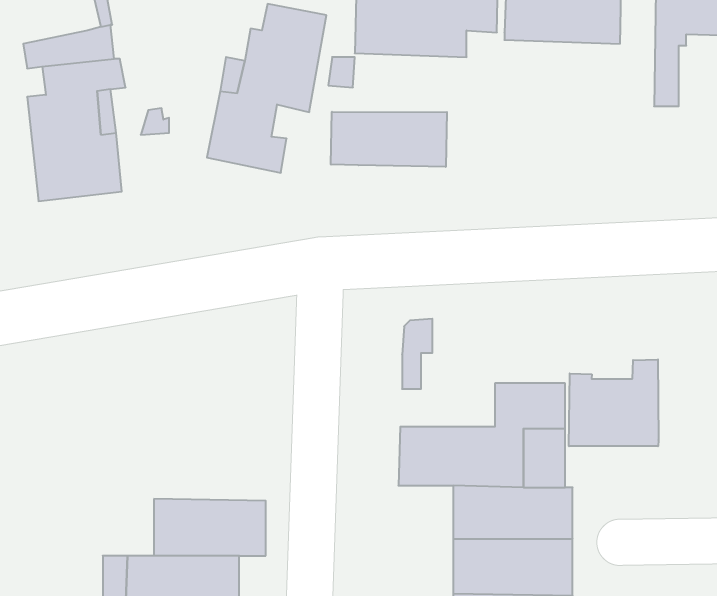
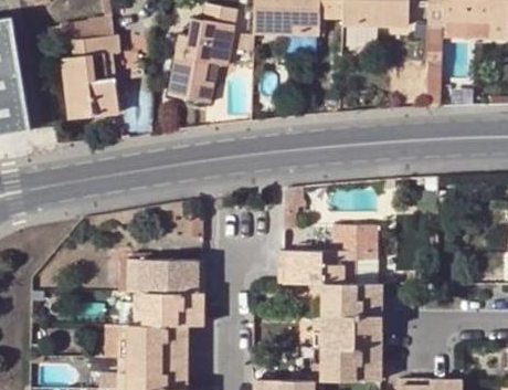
building: [331,112,447,167] -> none
building: [569,359,658,446] -> none
building: none -> [129,261,201,293]

